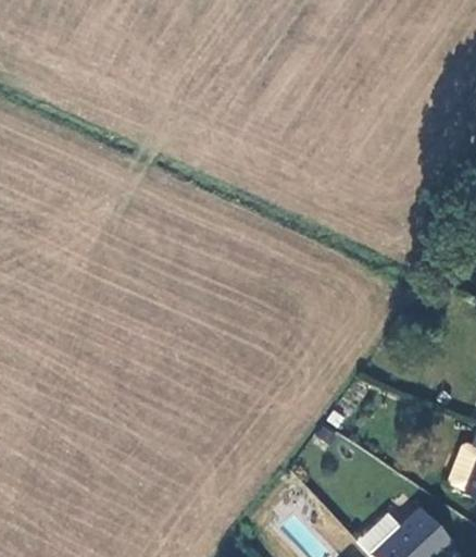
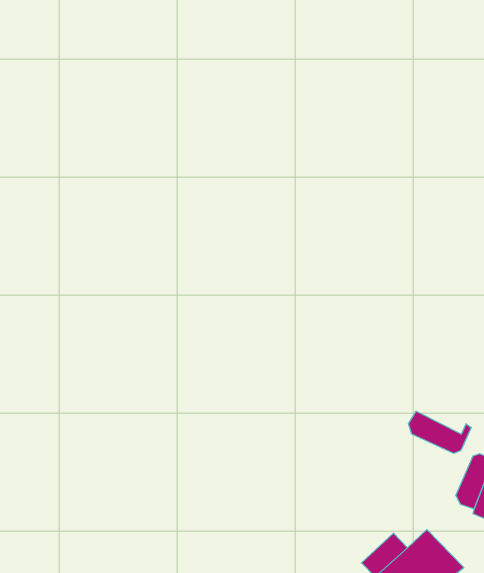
building: none -> [409,411,471,453]

